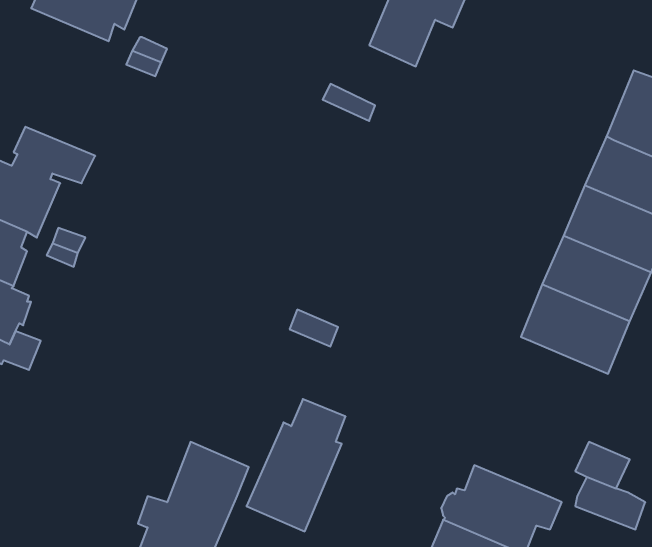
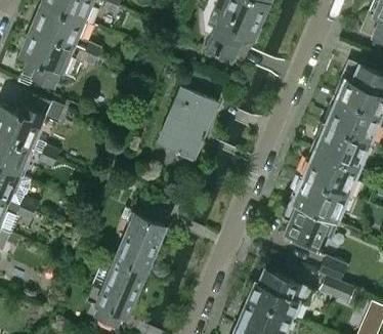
building: none -> [19,31,73,87]
building: none -> [160,90,217,159]
building: none -> [282,204,337,256]
building: [246,399,346,531] -> [115,203,167,273]

